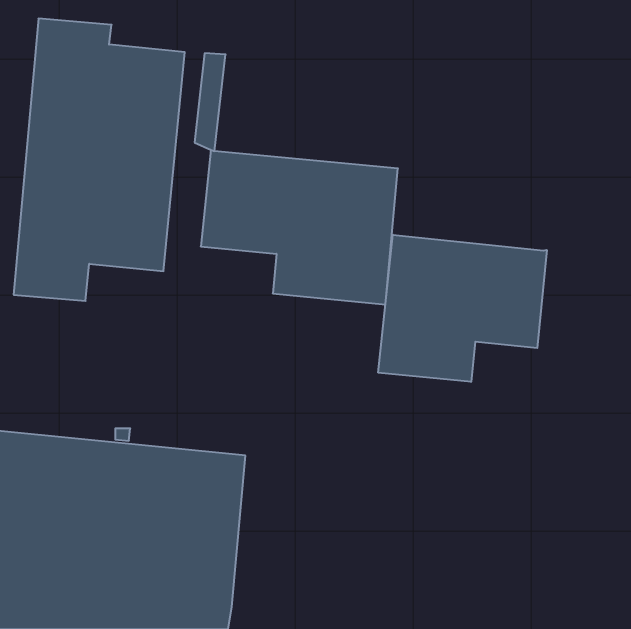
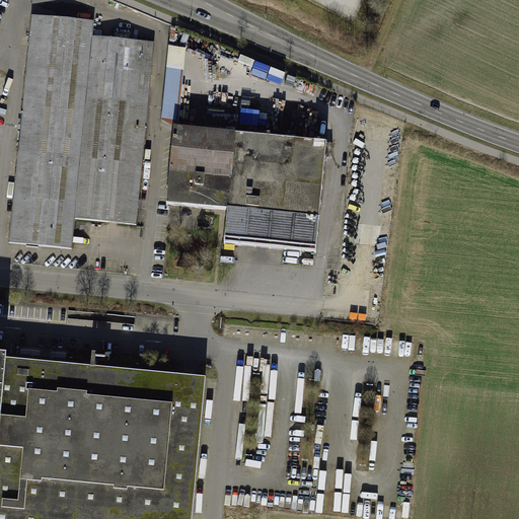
building: [378,235,547,382] -> none

